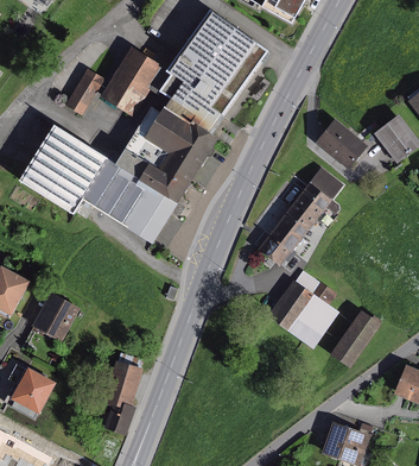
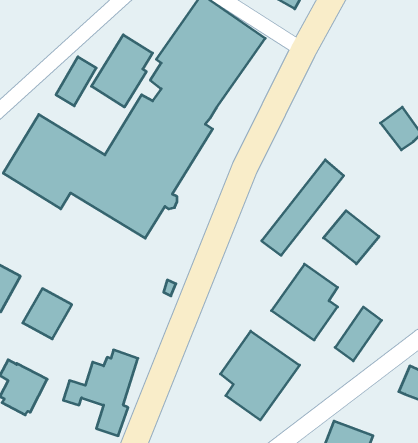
building: [319,120,366,163] -> none
building: none -> [323,211,379,264]
building: none -> [220,331,300,420]

